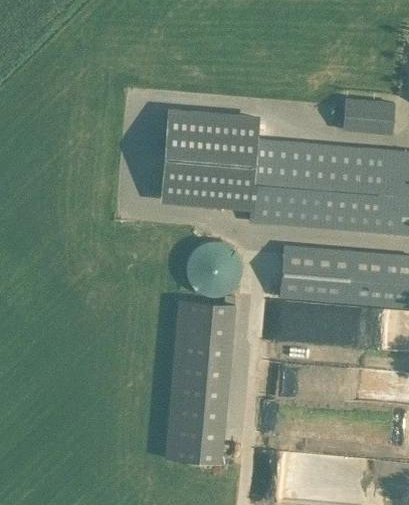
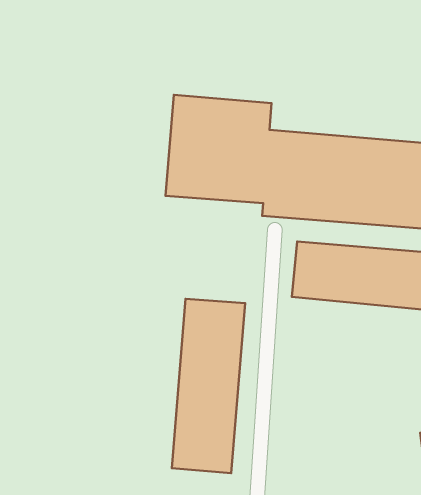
building: [343,99,396,135] -> none
building: [187,242,243,297] -> none

